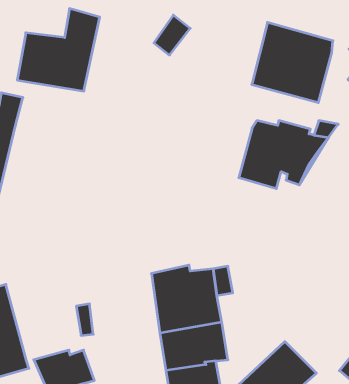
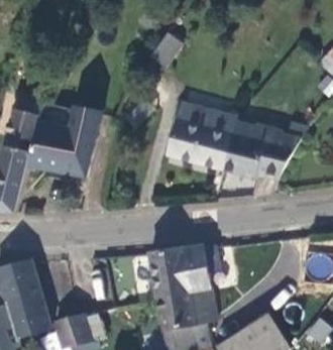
building: [17,9,100,91] -> [31,107,100,176]
building: [252,22,333,103] -> [169,104,236,170]

